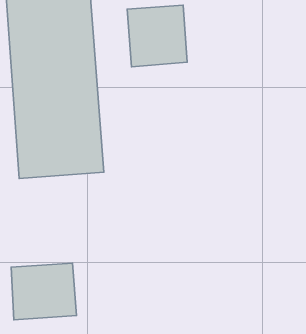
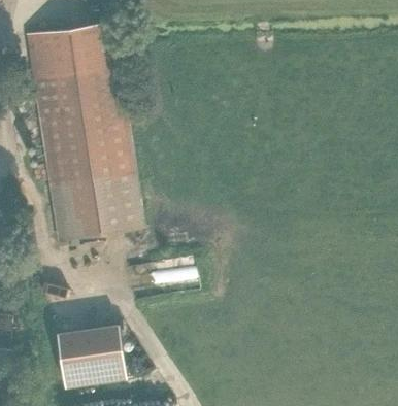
building: [127,5,187,67] -> none

